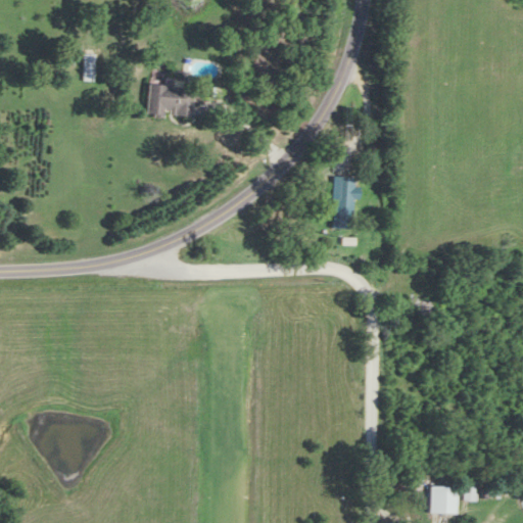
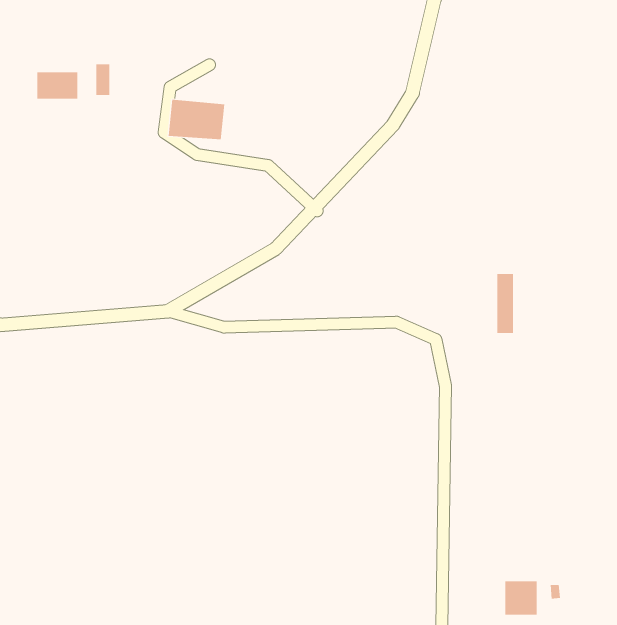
building: none -> [37,72,78,100]
building: [337,177,351,227] -> [497,273,514,333]

